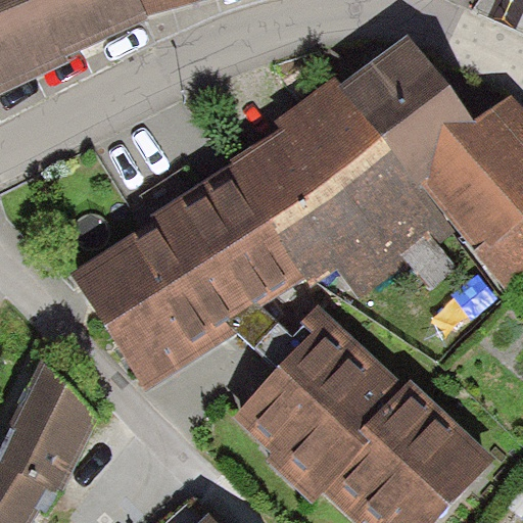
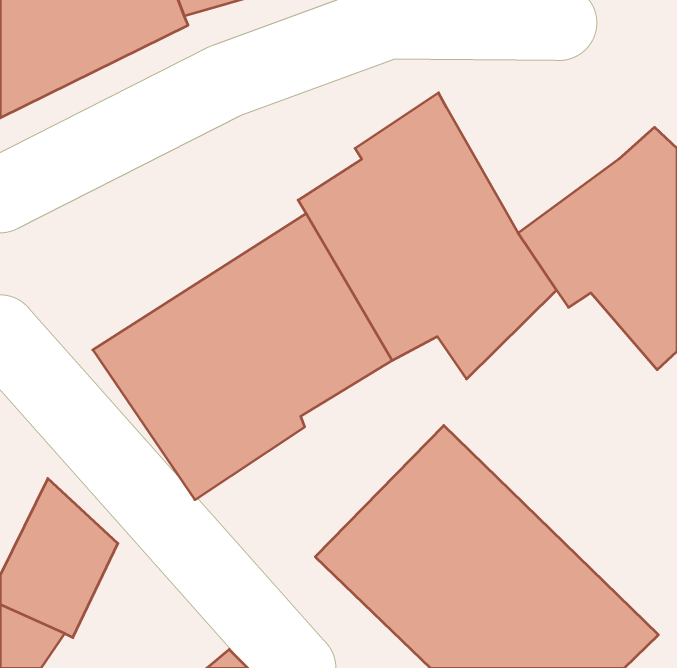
building: [344,35,477,180] -> none

